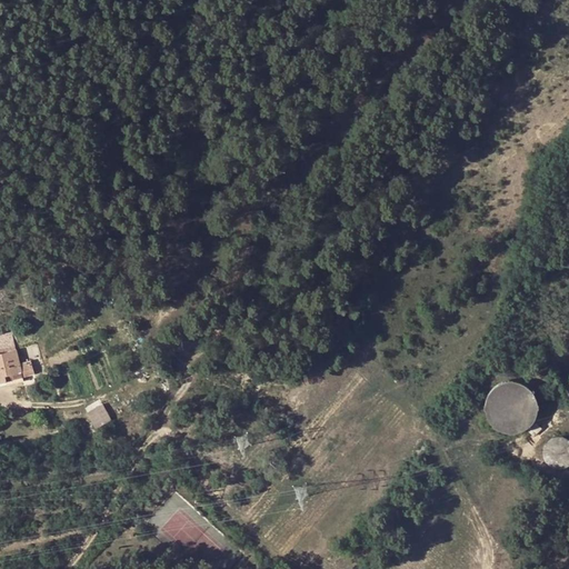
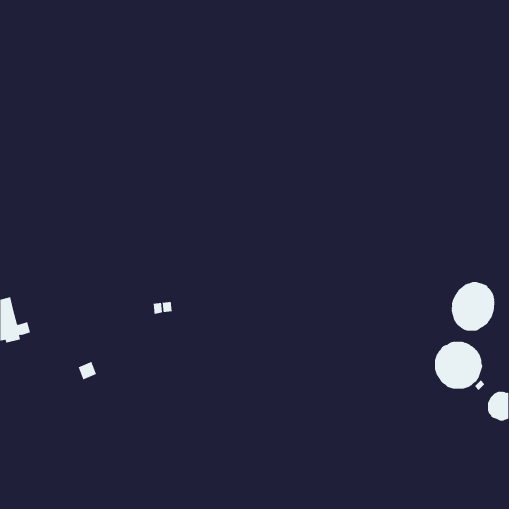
building: none -> [451,281,495,332]

